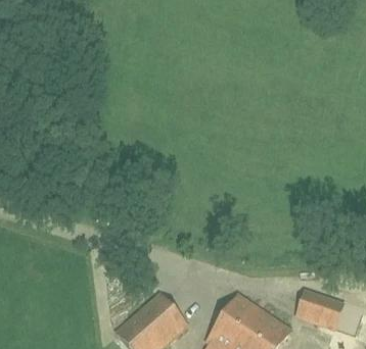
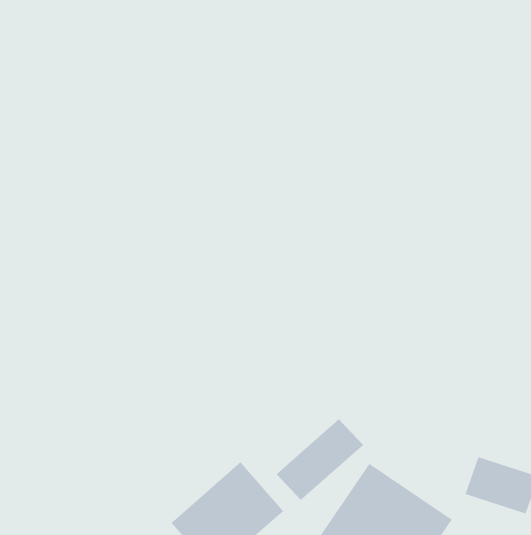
building: none -> [276,418,364,501]

